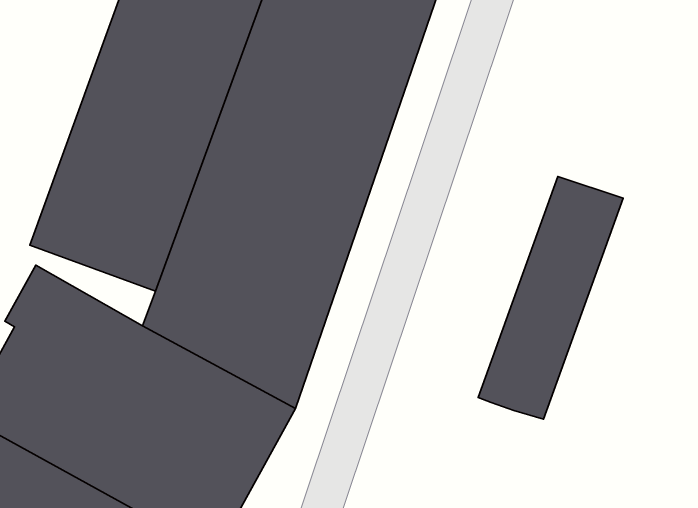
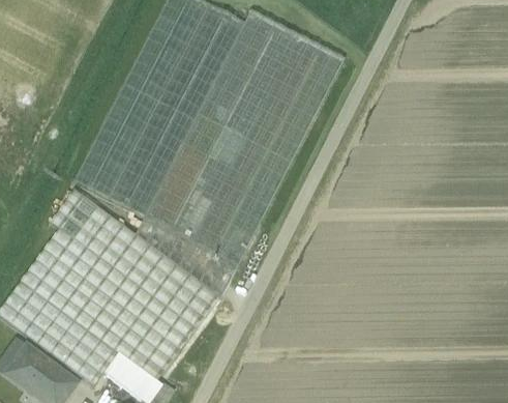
building: [478,176,623,419] -> none

